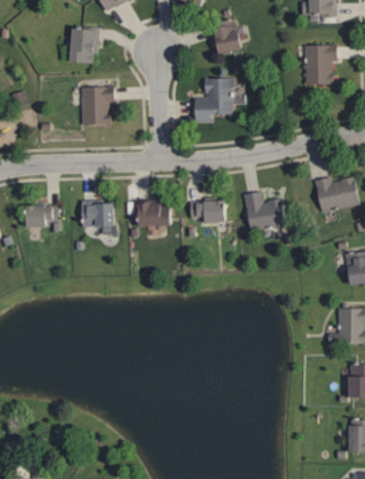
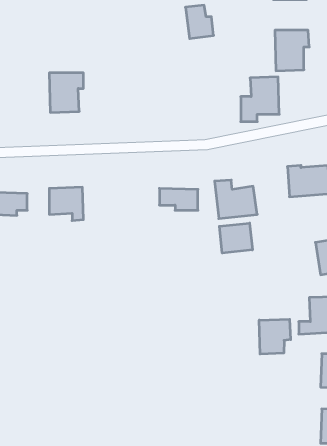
building: [71,28,97,63] -> none
building: [194,77,232,121] -> [241,77,279,122]
building: [138,202,172,226] -> none
building: none -> [219,223,252,253]
building: none -> [259,319,291,354]

